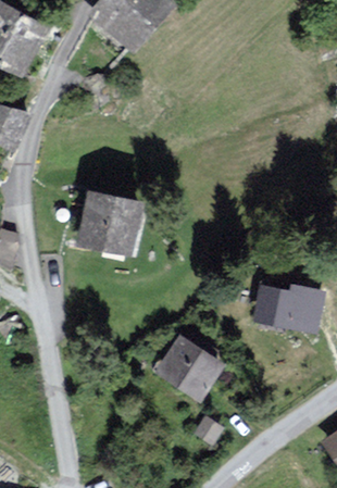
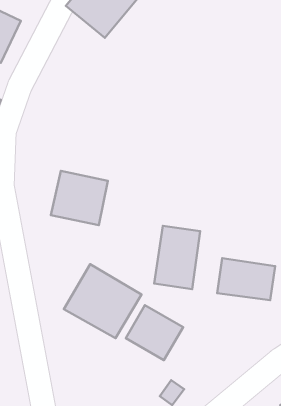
building: none -> [154,226,200,289]
building: none -> [64,264,141,338]

